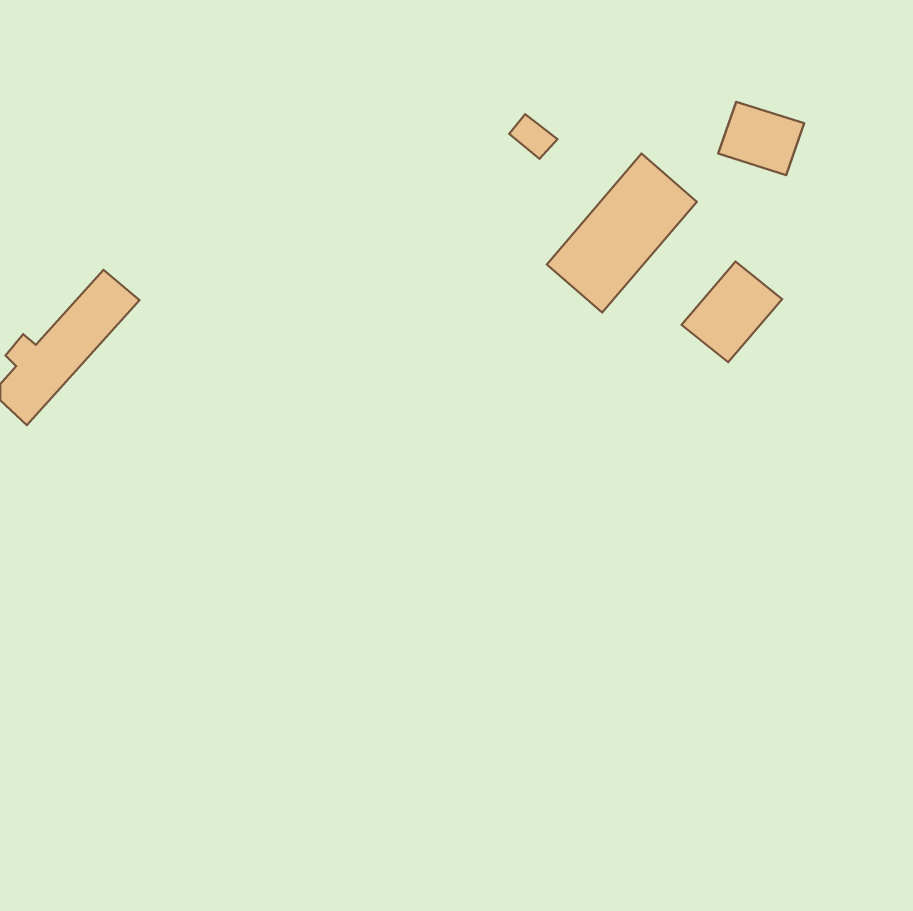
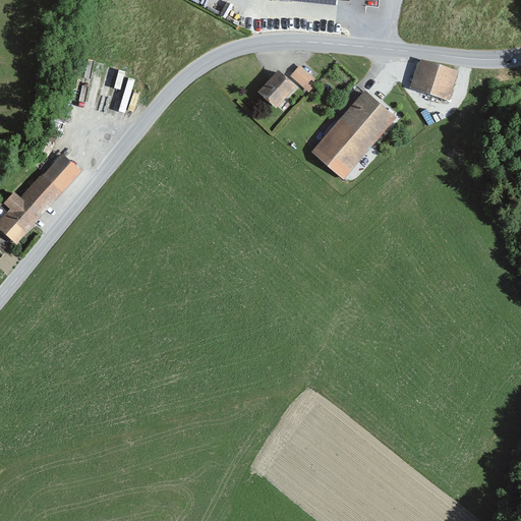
building: none -> [256,69,294,107]
building: [682,262,782,362] -> none

